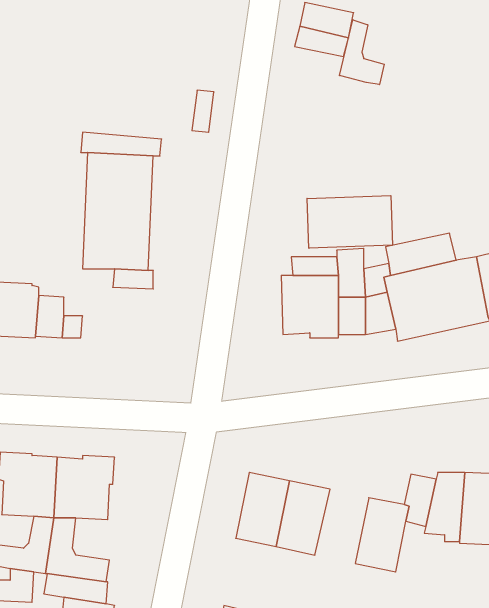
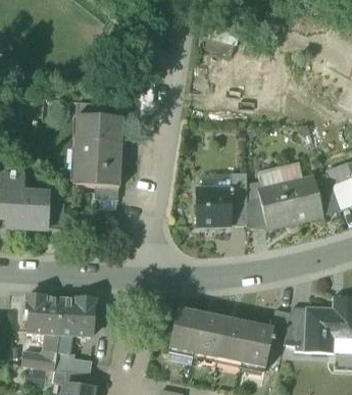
building: [339,20,384,85] -> none
building: [307,196,393,248] -> none
building: none -> [216,318,249,363]

